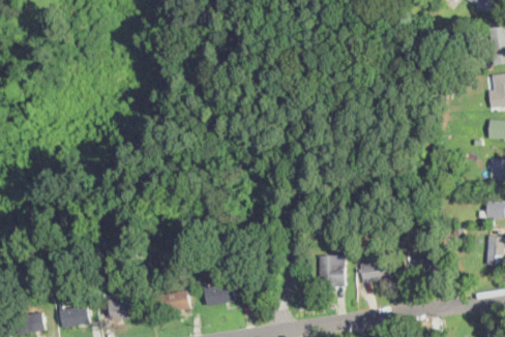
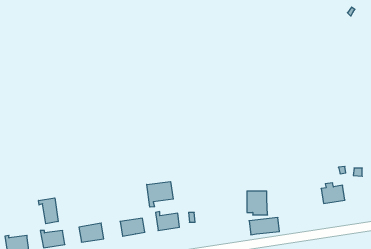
building: none -> [147,182,173,207]
building: [358,259,396,281] -> [249,218,279,235]
building: none -> [39,198,58,224]

